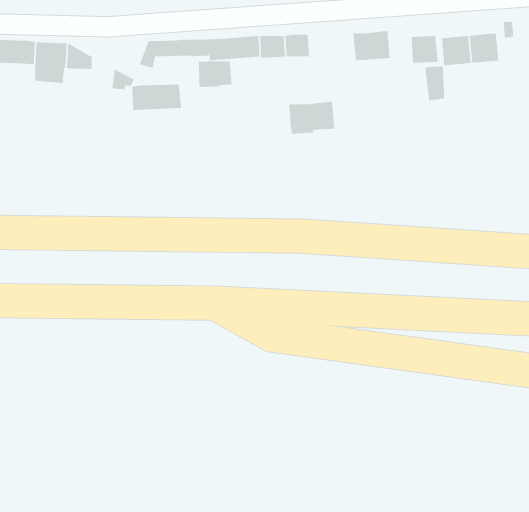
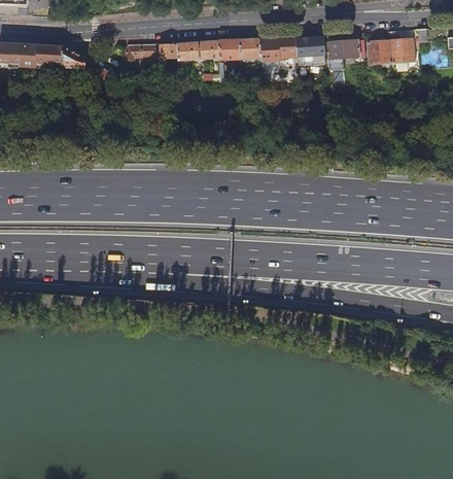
building: [198,60,232,88] -> none
building: [425,66,445,101] -> [326,41,343,70]
building: [132,84,181,111] -> none
building: [289,101,335,134] -> [258,38,297,65]

